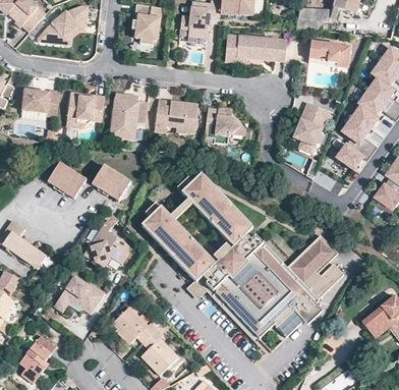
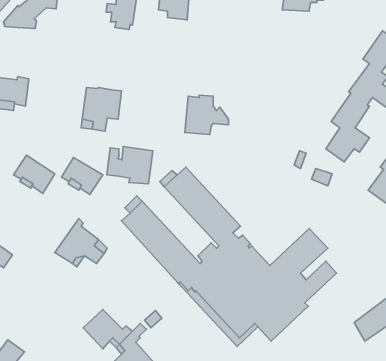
building: [227,36,287,61] -> none
building: [306,40,347,66] -> none
building: [66,93,104,124] -> none
building: [156,98,198,132] -> [107,147,153,184]
building: [292,101,329,145] -> none
building: [53,273,105,312] -> none

